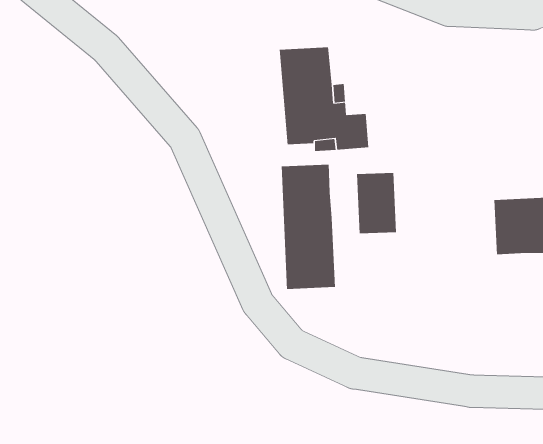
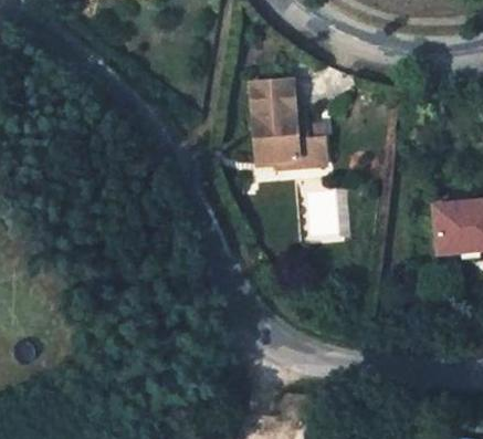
building: [281,164,335,290] -> none

